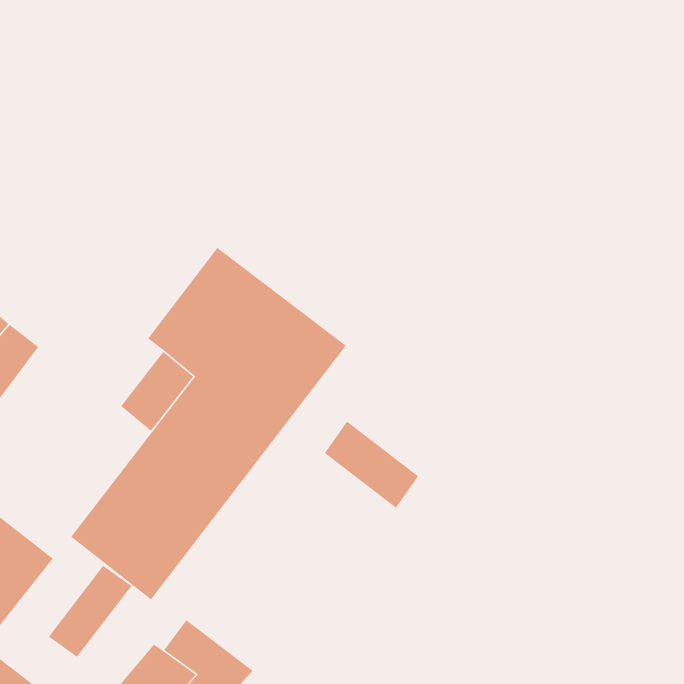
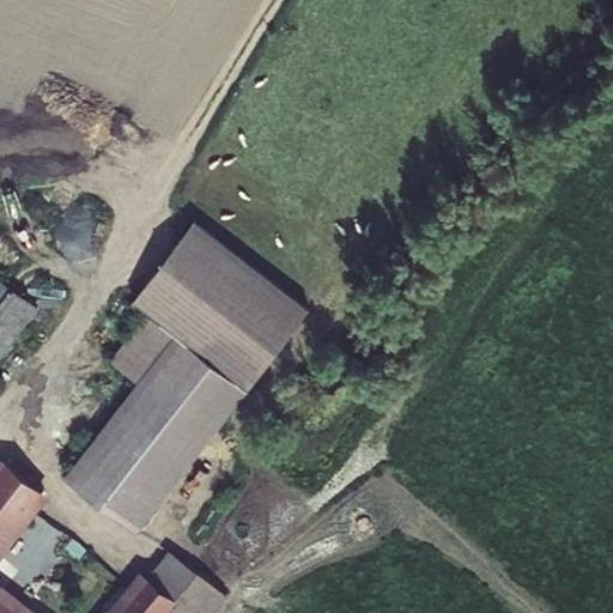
building: [324,421,419,509] -> none
building: [48,565,133,658] -> none

